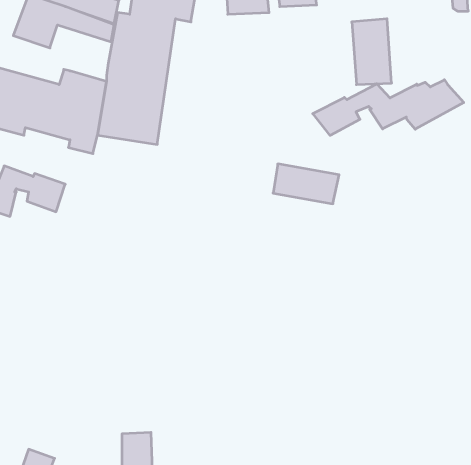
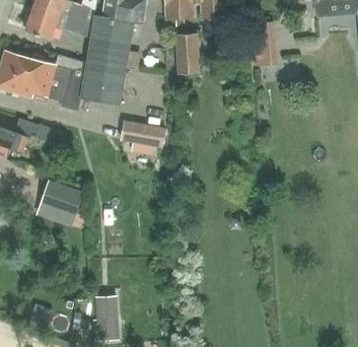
building: none -> [174,32,199,74]
building: [313,80,464,135] -> none
building: [273,164,339,204] -> [121,121,164,147]
building: none -> [42,181,80,216]

